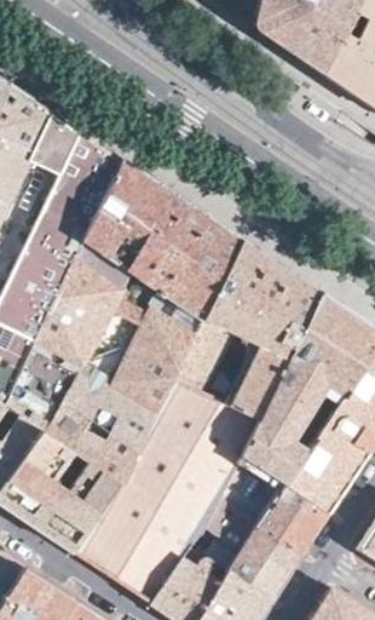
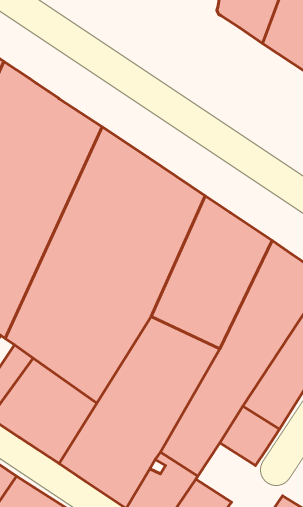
building: [232,529,301,598] -> none

